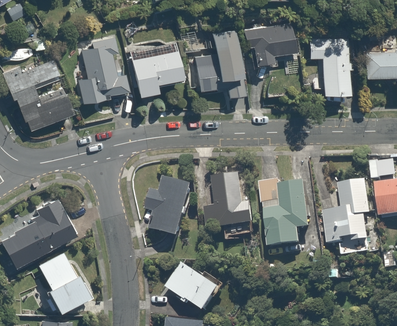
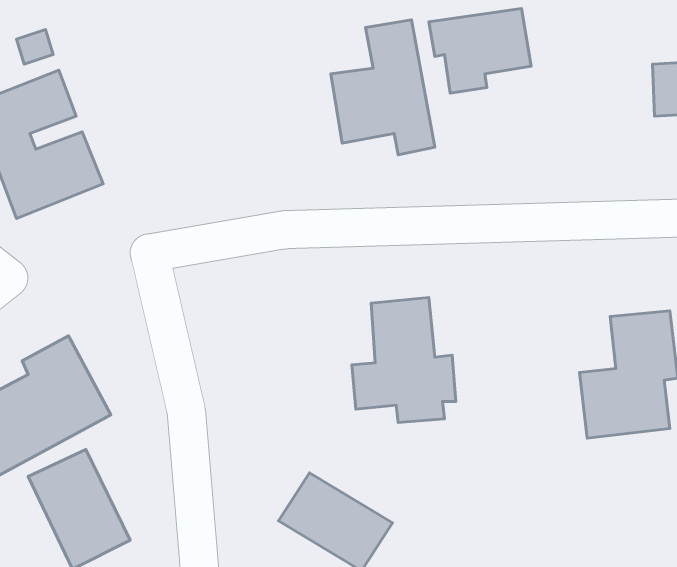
building: [76,32,131,103] -> none
building: [308,36,350,95] -> none
building: [129,41,187,96] -> none
building: [145,176,195,238] -> none
building: [260,179,313,248] -> none

